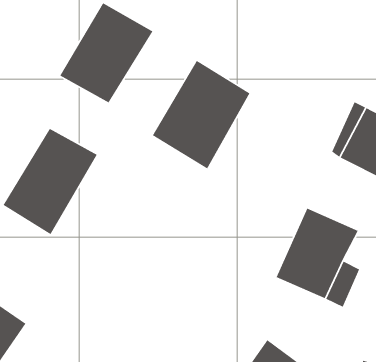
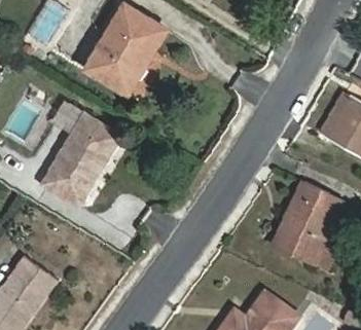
building: [152,60,251,170] -> none

